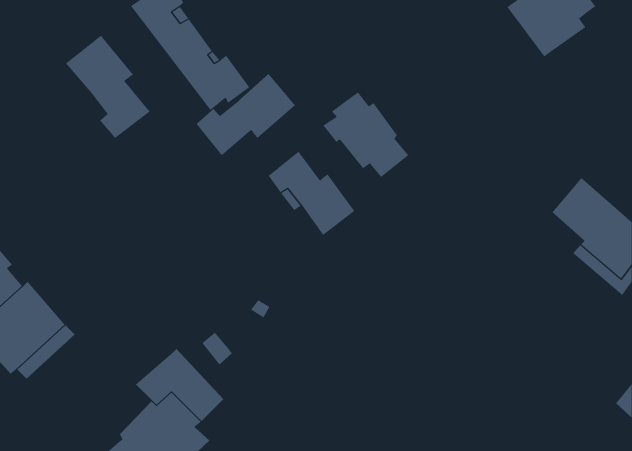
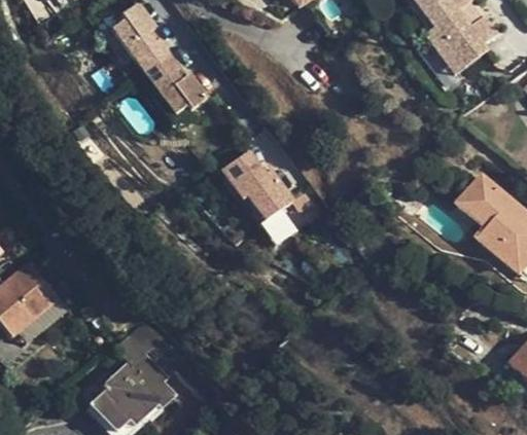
building: [65,35,151,139] -> none
building: [196,73,296,156] -> none
building: [323,92,409,178] -> none

